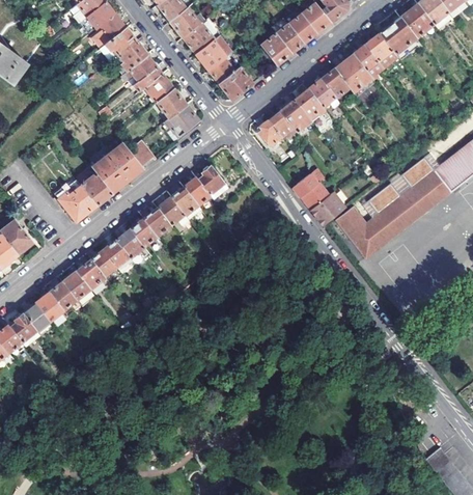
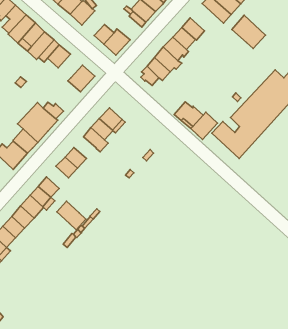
building: [195,35,232,70] -> none
building: [334,53,375,98] -> [232,15,266,49]
building: [156,88,187,118] -> none
building: [158,196,186,224] -> none
building: [116,227,151,266] -> [57,201,86,230]

